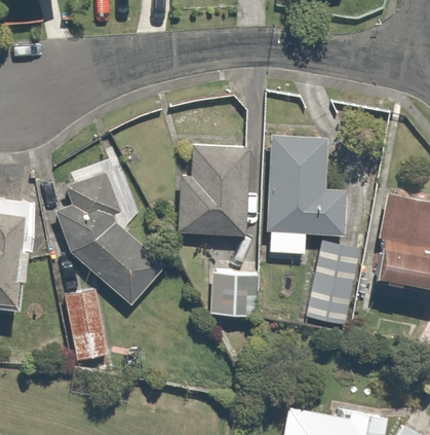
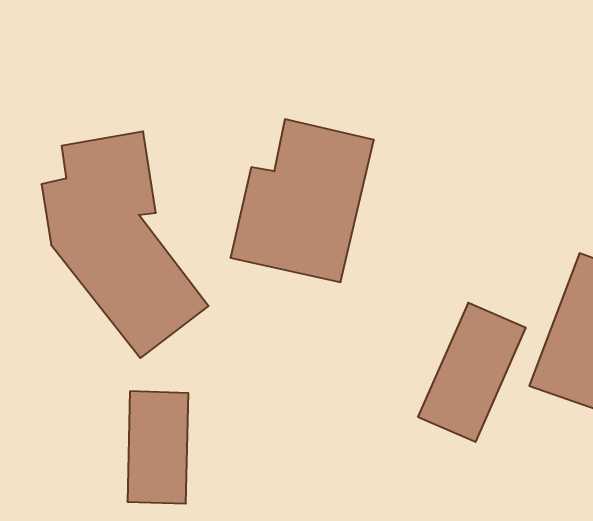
building: [271,134,345,254] -> none
building: [209,268,250,311] -> none
building: [66,286,112,359] -> [127,391,188,504]

